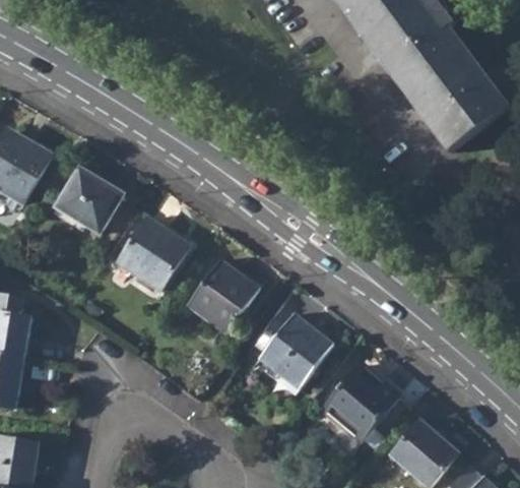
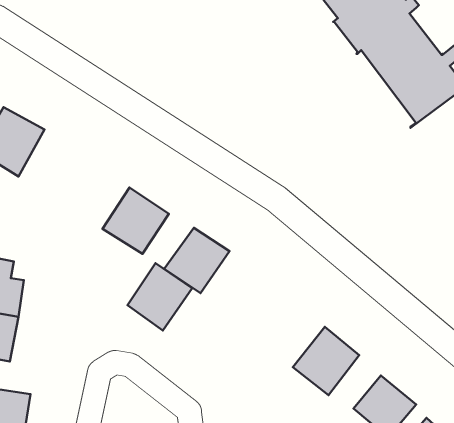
building: [57,172,122,234] -> none
building: none -> [127,263,192,331]
building: [261,319,332,392] -> none

